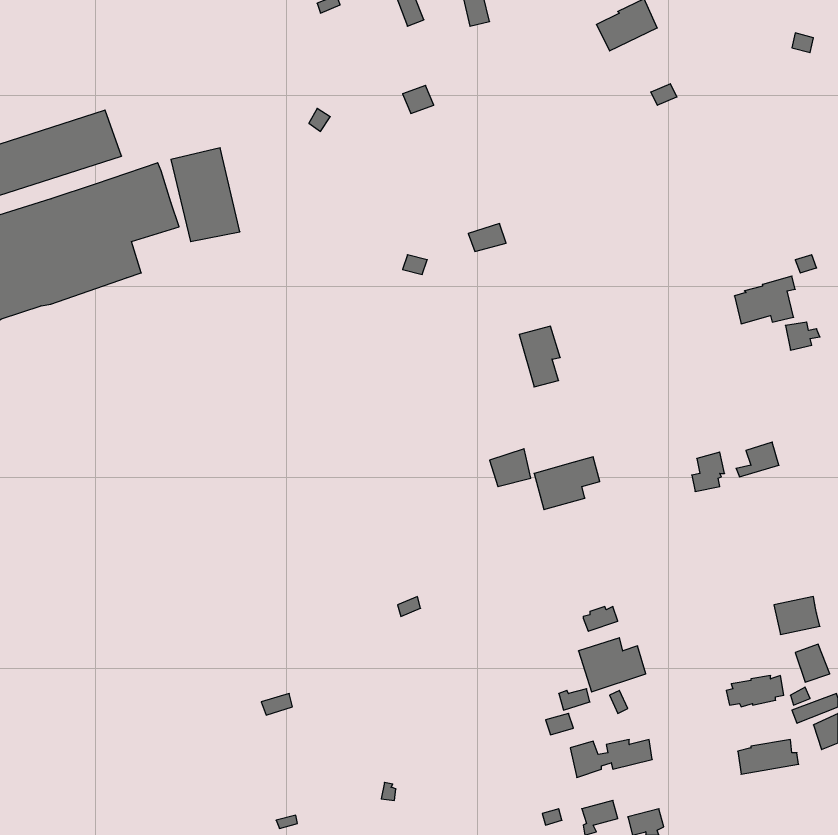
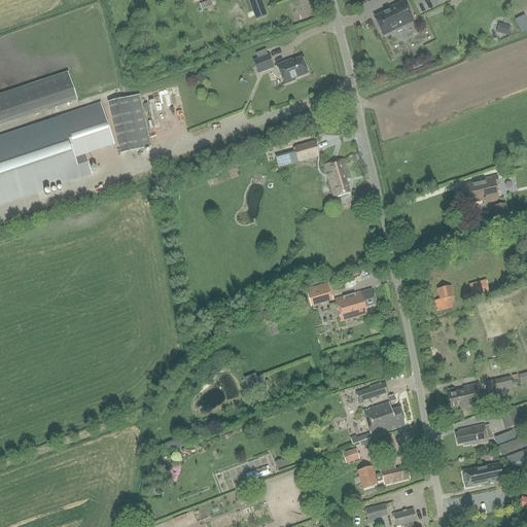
building: none -> [276,56,307,82]
building: [519,326,560,387] -> [324,157,350,196]
building: none -> [446,382,480,407]

